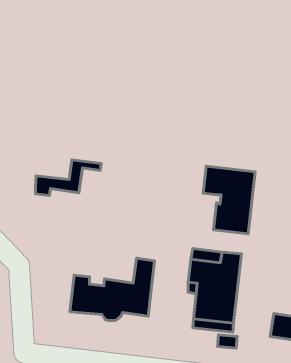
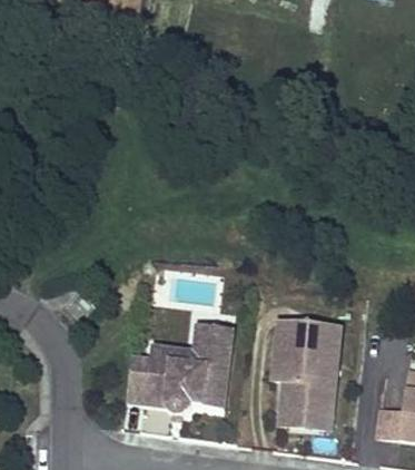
building: [35,160,101,196] -> [150,325,233,370]
building: [203,166,255,234] -> none

